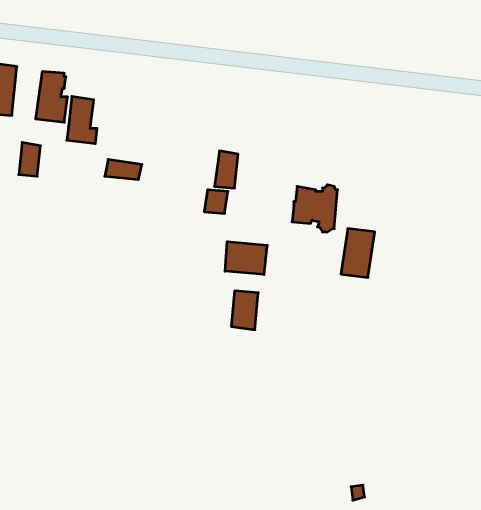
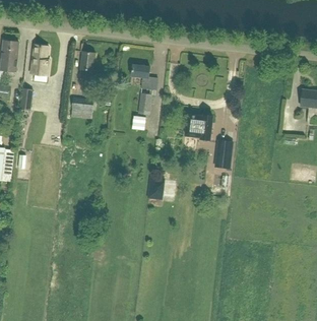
building: [67,96,97,144] -> [78,51,97,79]
building: none -> [130,64,156,89]
building: [225,242,267,275] -> none

